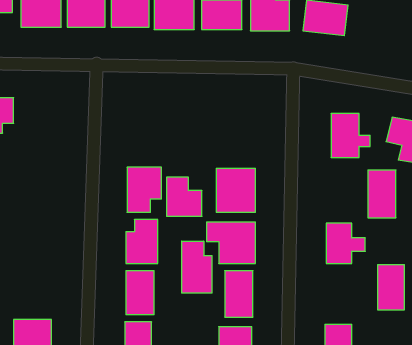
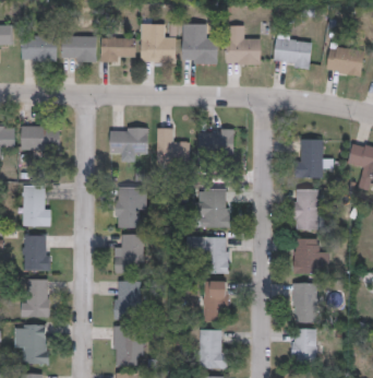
building: none -> [326,46,364,75]
building: none -> [21,126,59,152]
building: none -> [110,127,148,156]
building: none -> [200,129,233,154]
building: none -> [23,185,47,226]
building: [368,170,396,218] -> [293,188,318,231]
building: [167,177,202,216] -> [157,128,189,163]
building: none -> [23,234,49,271]
building: [182,241,212,293] -> none
building: [378,265,404,310] -> [292,282,316,322]
building: none -> [24,280,49,317]

